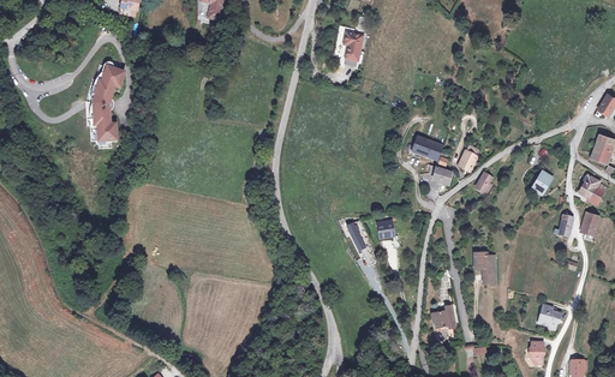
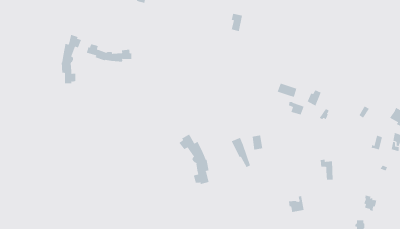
building: none -> [86,44,132,62]
building: none -> [178,133,209,185]

